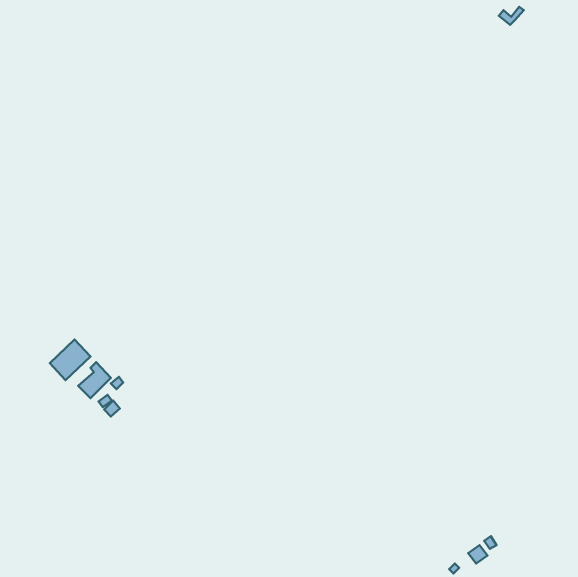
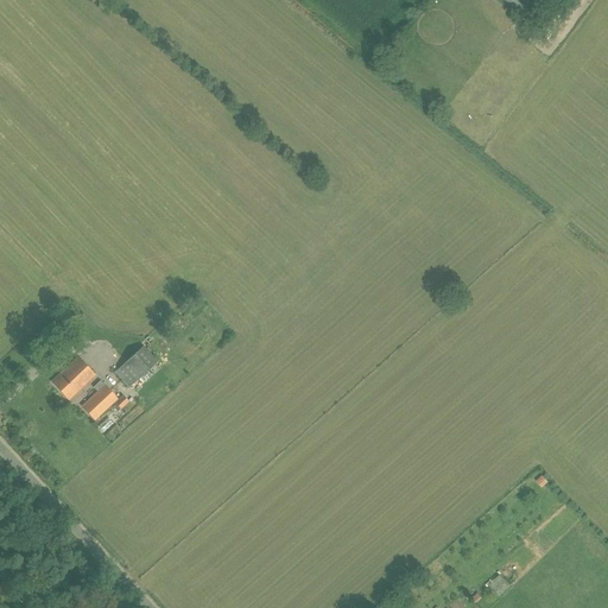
building: none -> [115,344,158,386]

